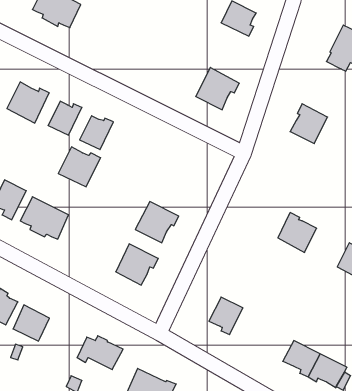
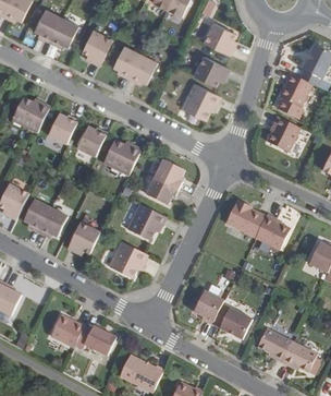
building: none -> [82,31,112,65]
building: none -> [112,46,157,84]
building: none -> [193,56,229,86]
building: none -> [275,73,311,119]
building: [58,147,101,187] -> [102,139,140,175]
building: none -> [146,159,184,205]
building: none -> [225,200,265,237]
building: none -> [66,223,99,254]
building: [13,305,49,341] -> [50,314,83,347]
building: none -> [211,304,252,339]

